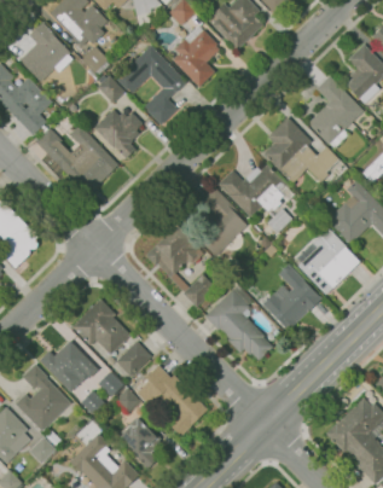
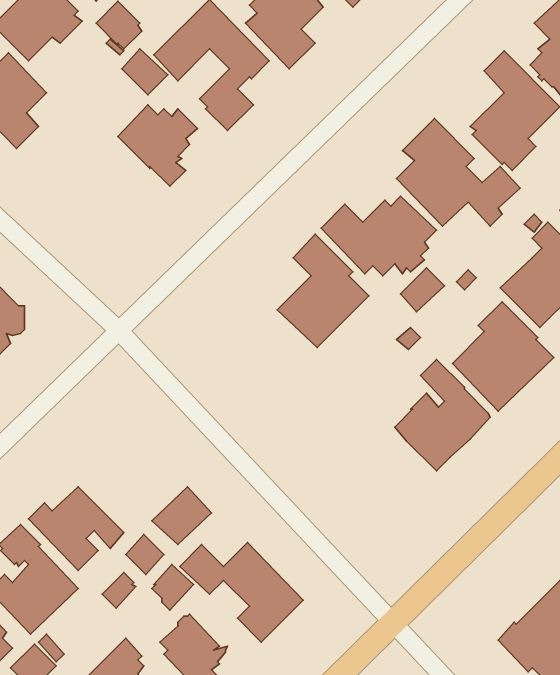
building: [35,124,118,194] -> none
building: [146,225,215,307] -> none
building: [204,284,272,360] -> none
building: [79,302,130,355] -> none

